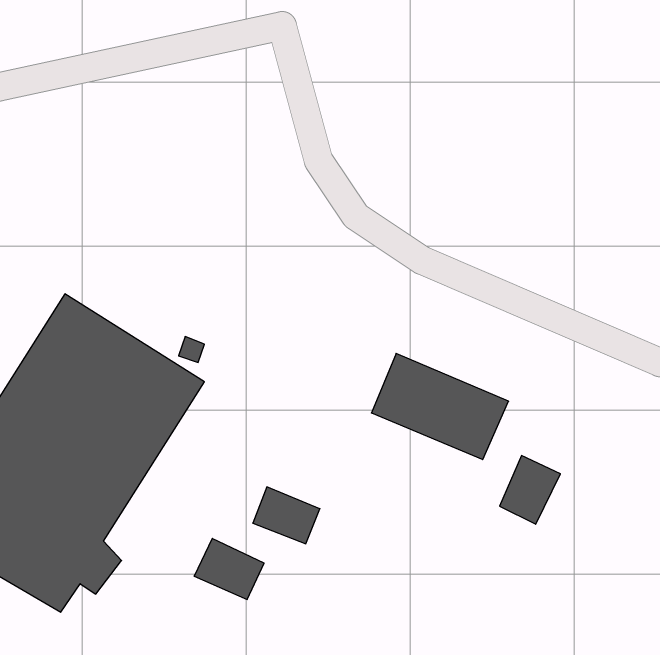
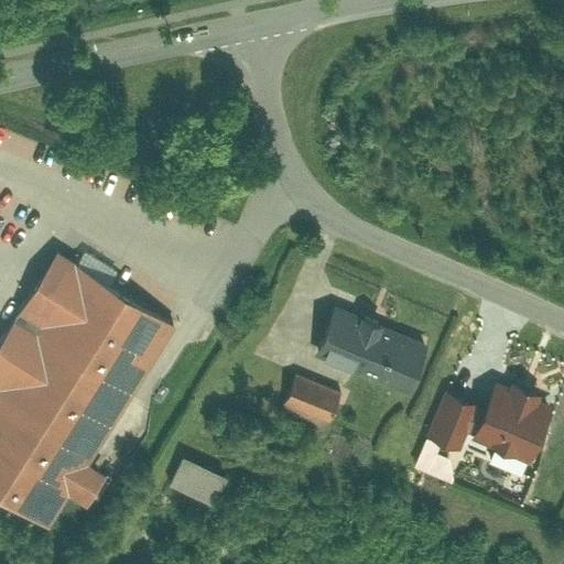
building: none -> [471,393,545,464]
building: [253,487,320,544] -> [283,377,340,425]

